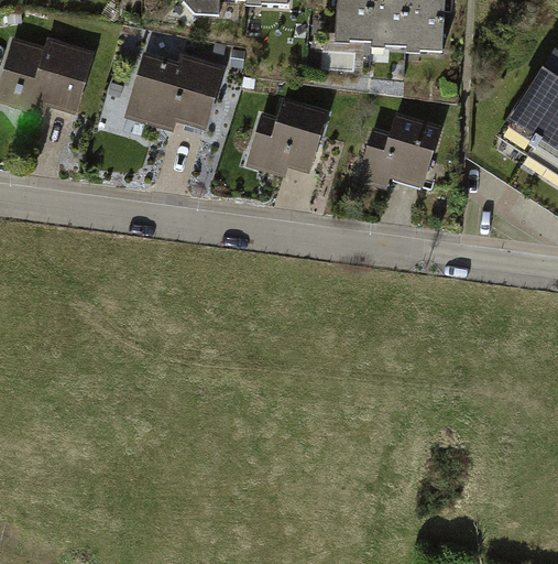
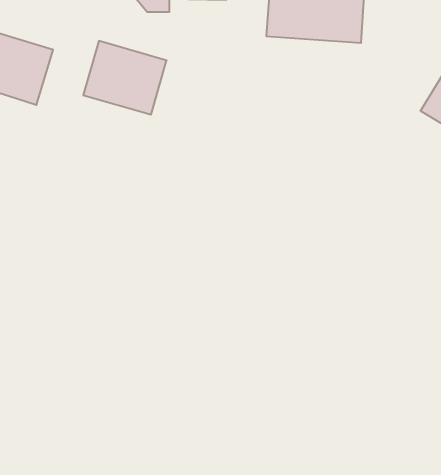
building: [245,99,324,182] -> none
building: [361,113,439,193] -> none

